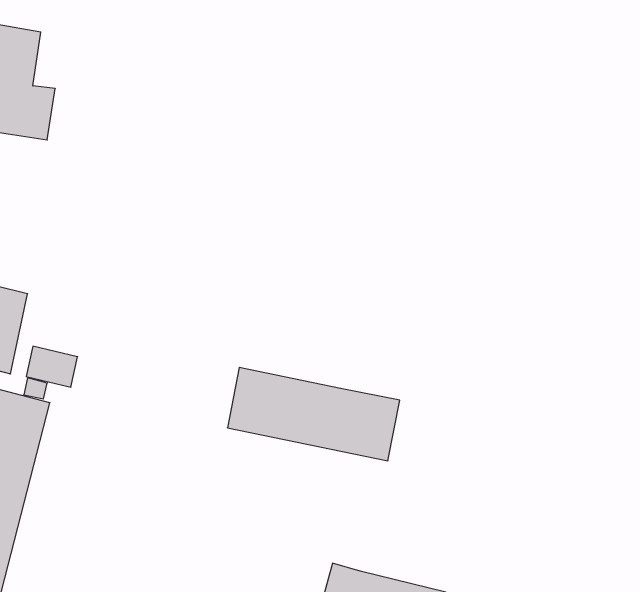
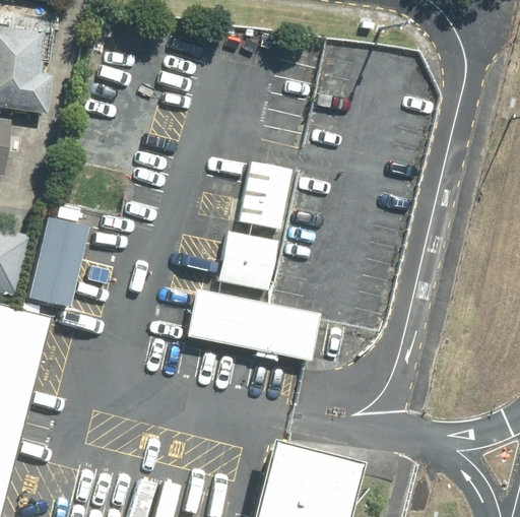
building: none -> [240,161,291,227]
building: none -> [37,227,88,279]
building: none -> [218,229,279,289]

